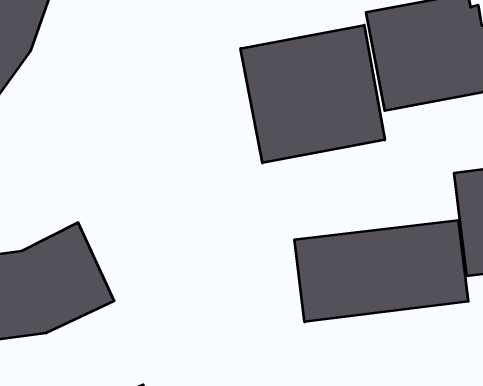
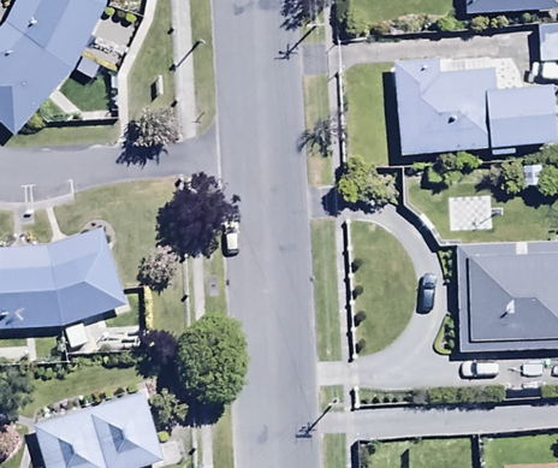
building: [241,25,385,163] -> none
building: [295,220,468,322] -> none

